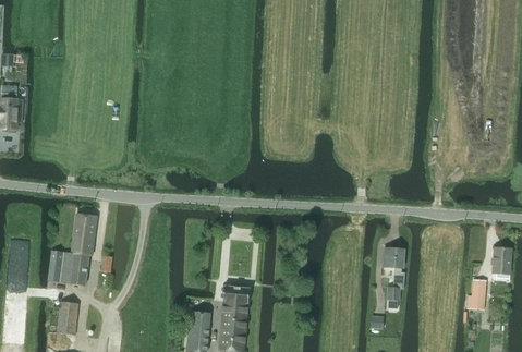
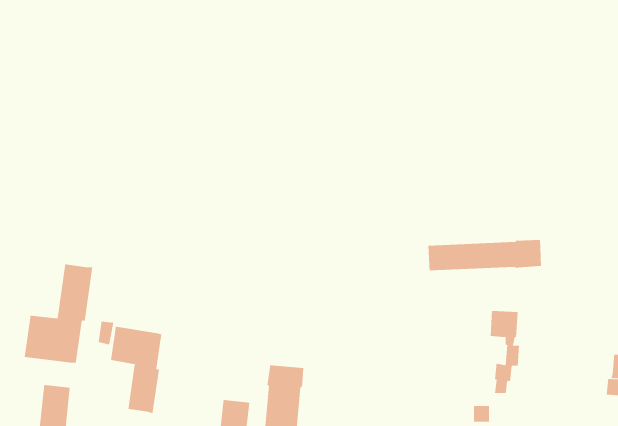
building: none -> [428,239,542,271]
building: none -> [110,326,162,414]

